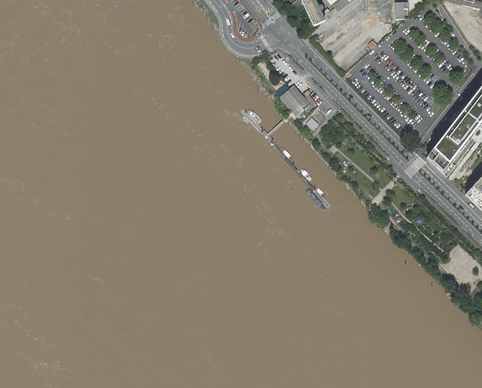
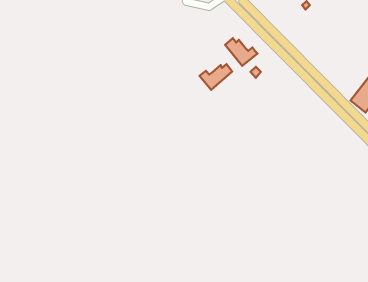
building: none -> [200,64,232,90]

